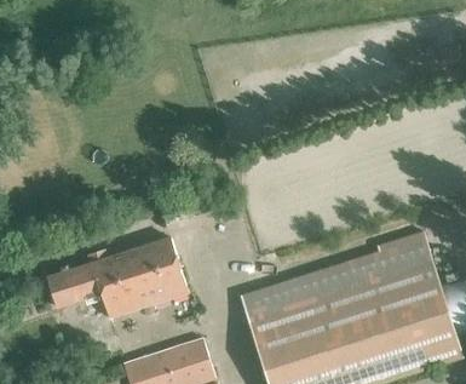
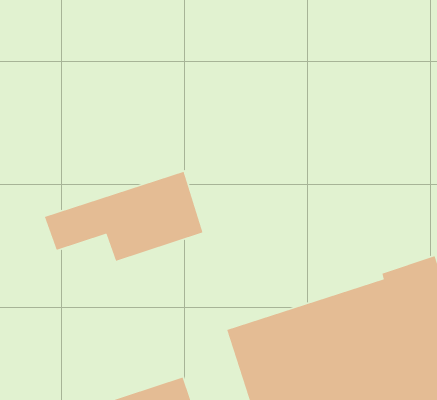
building: [46,236,186,316] -> [44,171,203,262]

